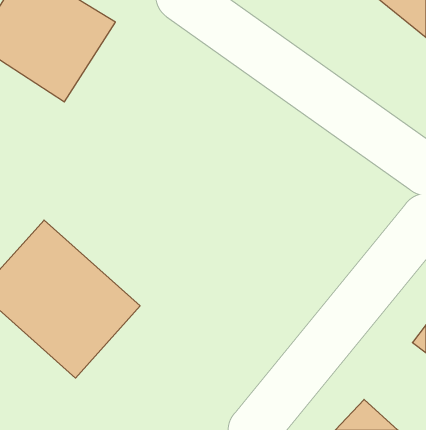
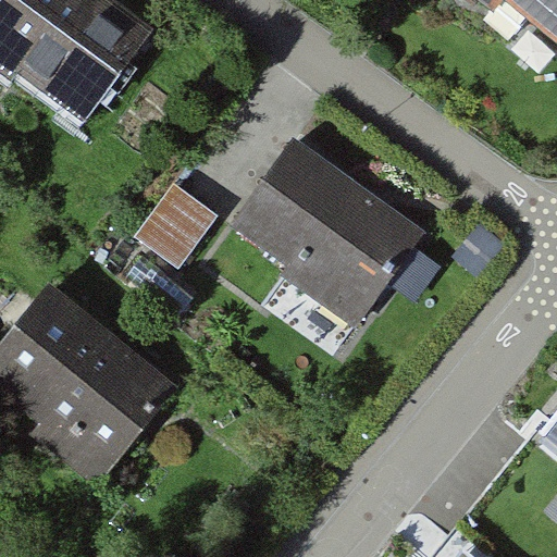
building: none -> [227,140,420,322]
building: none -> [133,176,210,260]

